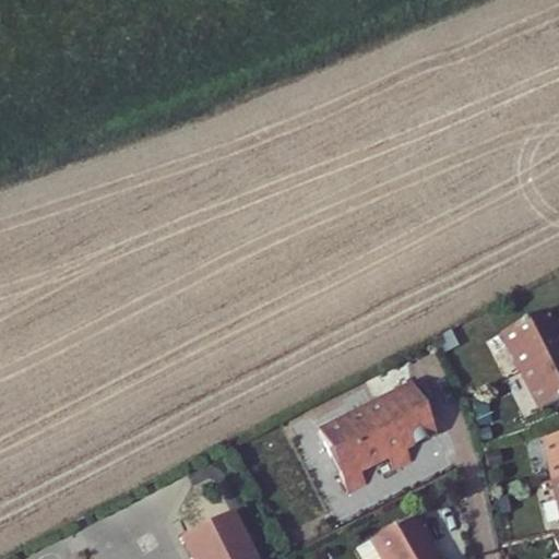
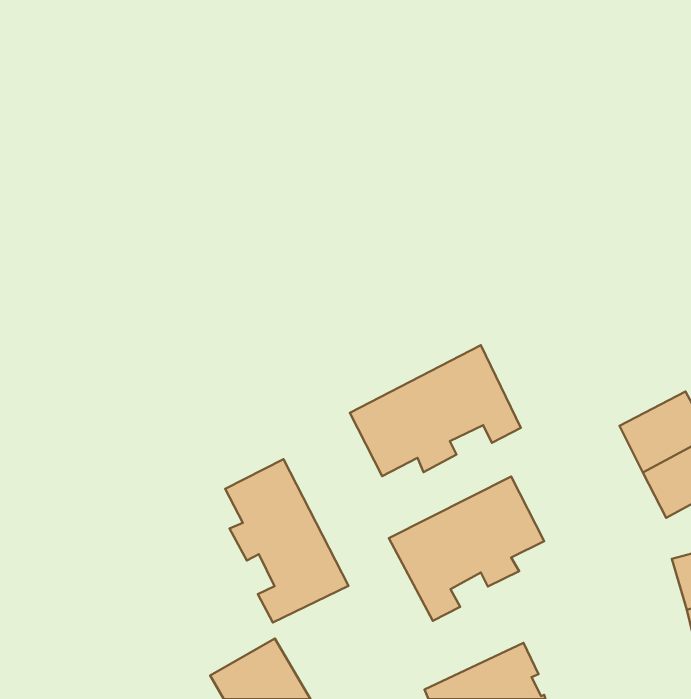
building: none -> [350,345,521,476]
building: none -> [225,459,349,623]

